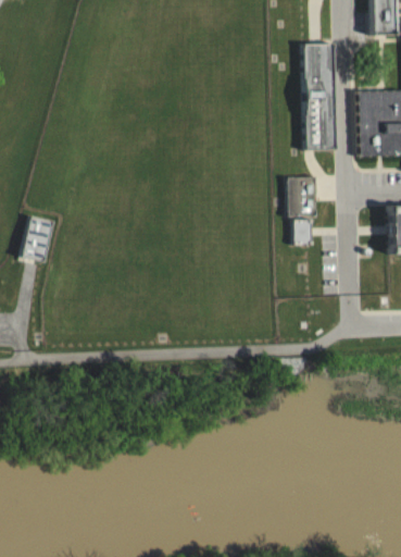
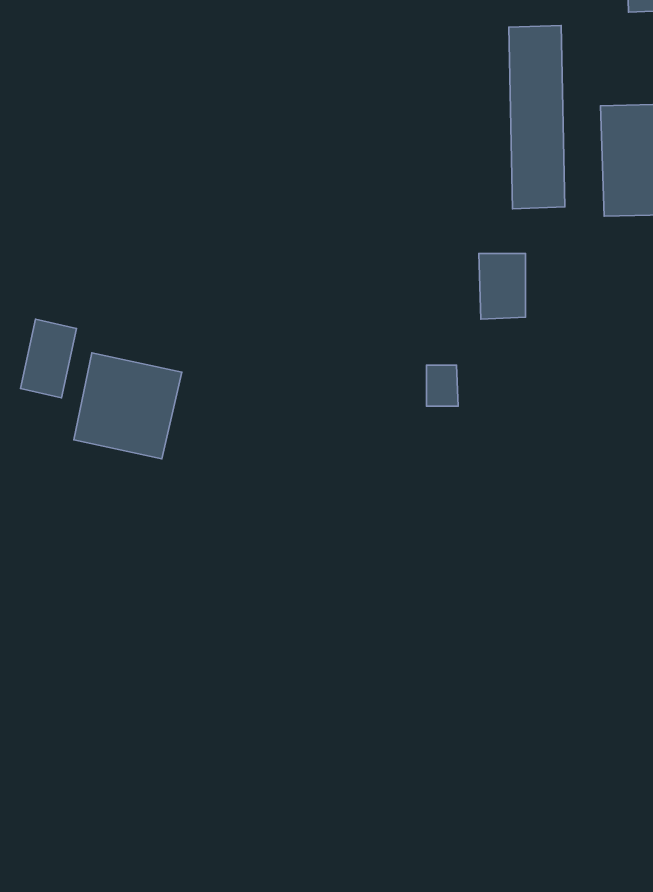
building: [292,219,311,243] -> [427,365,458,406]
building: none -> [74,353,182,459]

